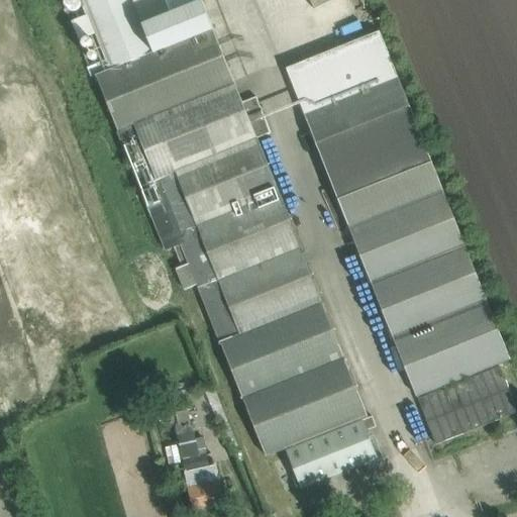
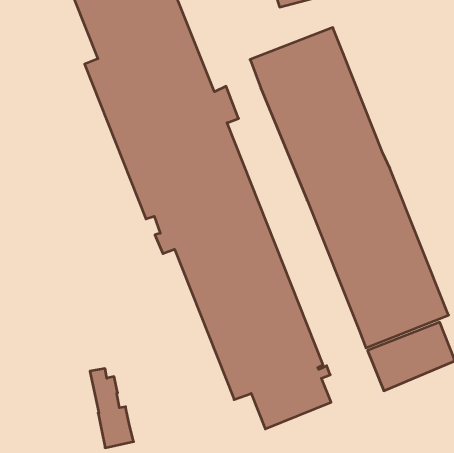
building: [175,420,224,510] -> [90,369,134,448]

